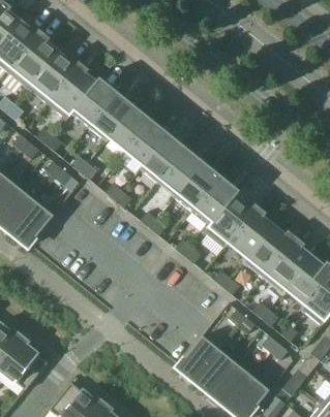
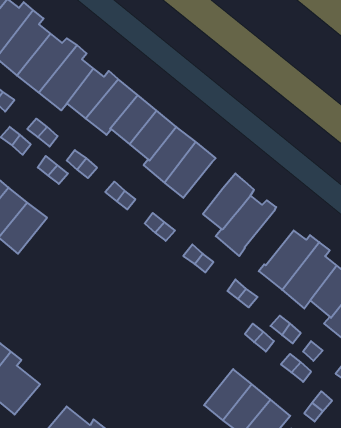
building: [175,162,221,212] -> none
building: [230,205,273,257] -> none
building: [177,335,219,381] -> none

